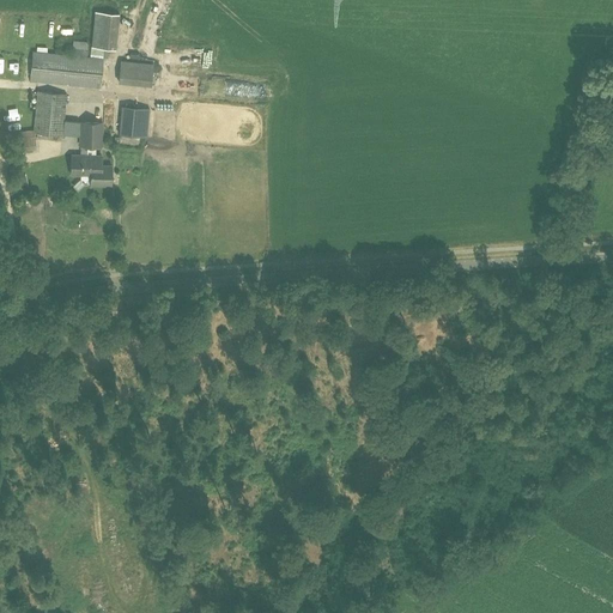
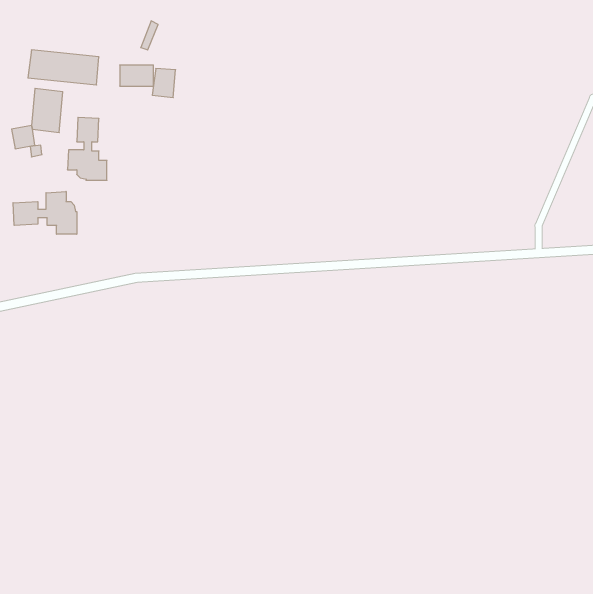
building: [95,12,121,48] -> none
building: [125,107,148,136] -> [152,69,176,98]
building: none -> [13,191,77,234]

